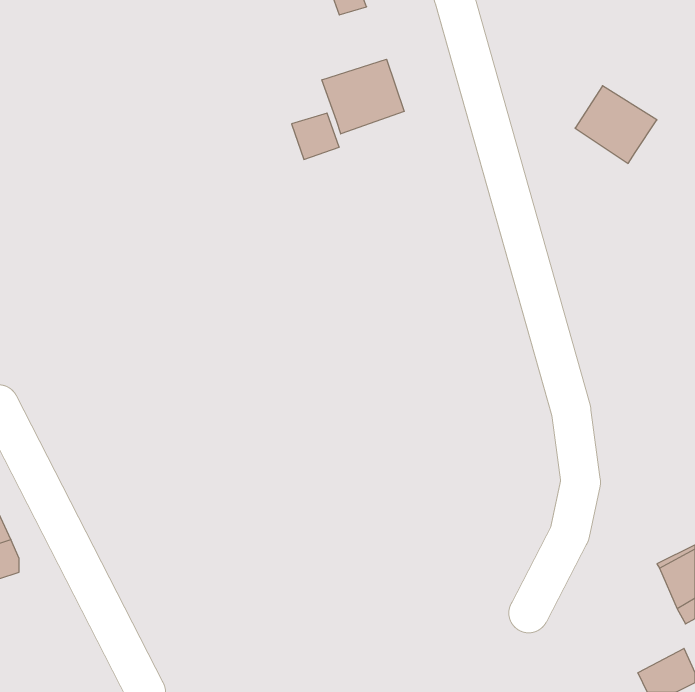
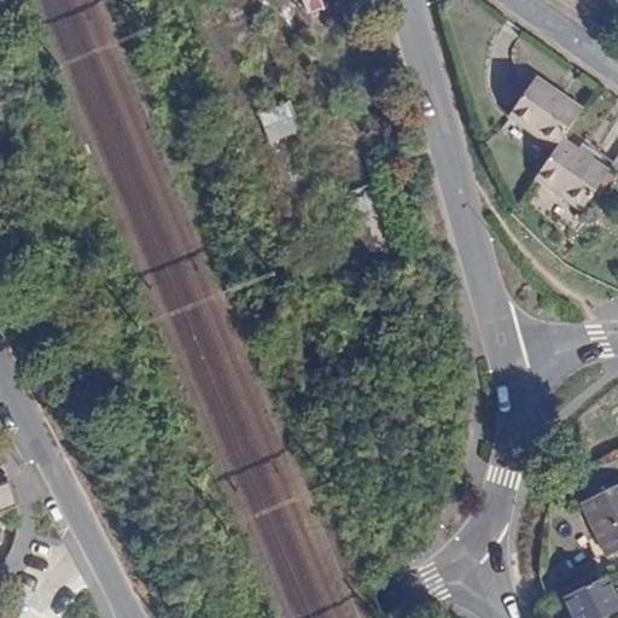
building: [322,59,404,134] -> none
building: none -> [537,135,610,206]

